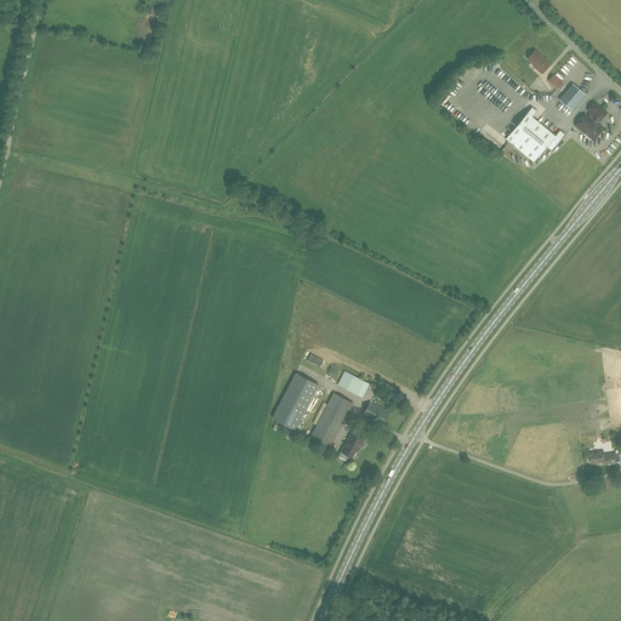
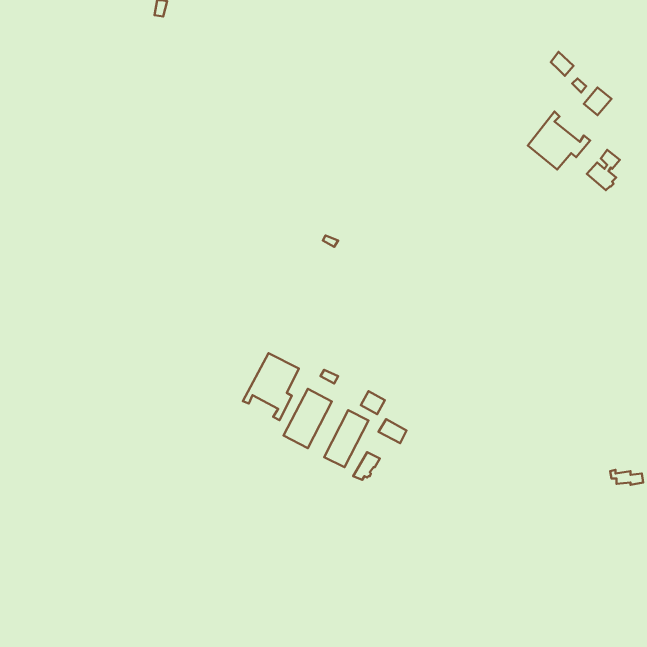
building: [575,102,606,141] -> [587,150,620,190]
building: none -> [243,353,299,420]

